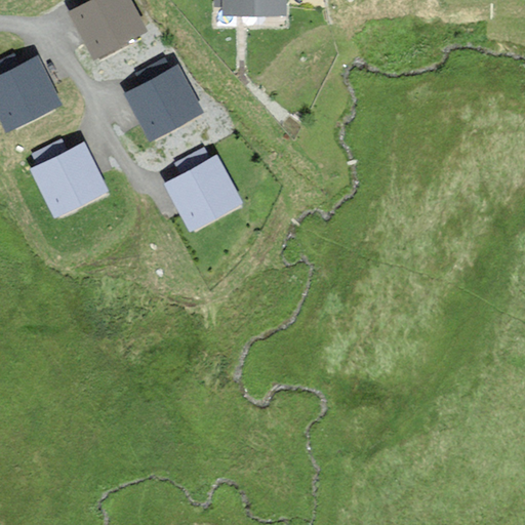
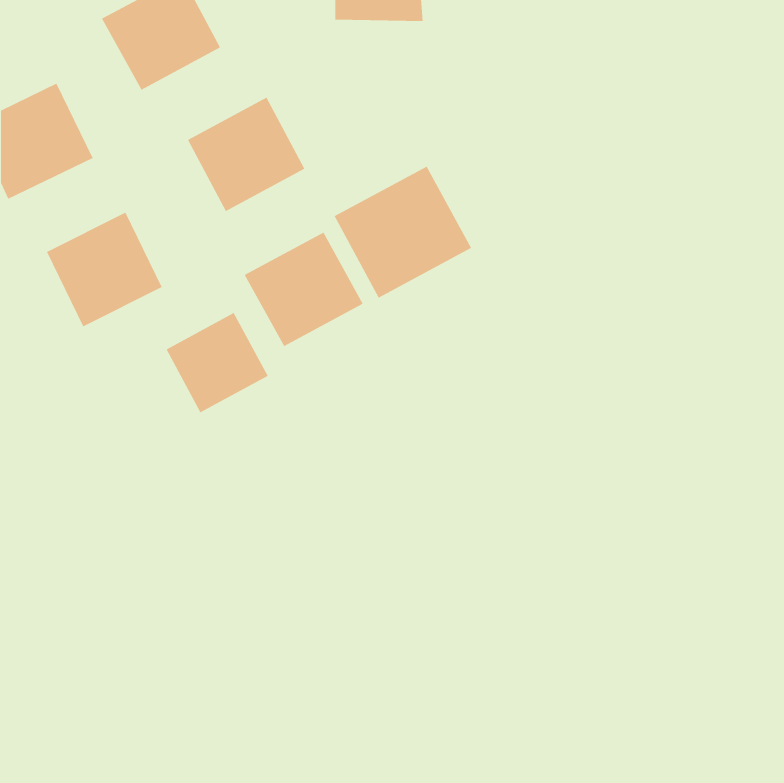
building: none -> [334,166,472,298]
building: none -> [166,312,268,413]

